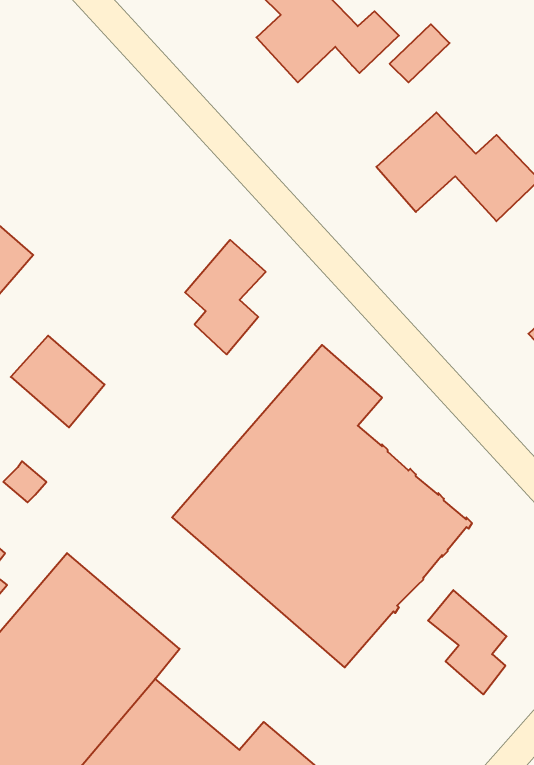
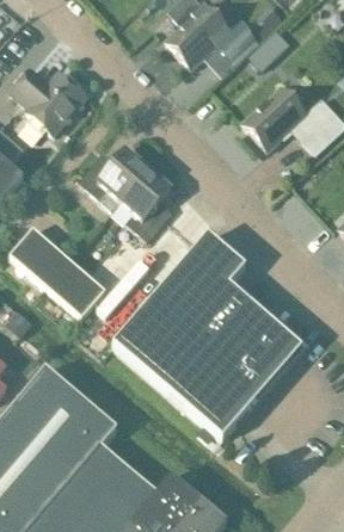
building: none -> [11,67,85,131]
building: none -> [78,147,148,199]
building: none -> [45,258,104,316]
building: [428,590,507,694] -> none

